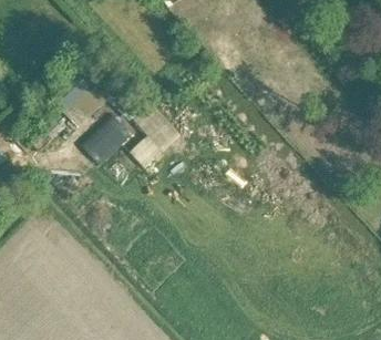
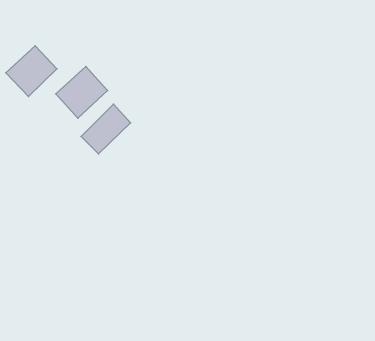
building: none -> [6,46,57,96]

